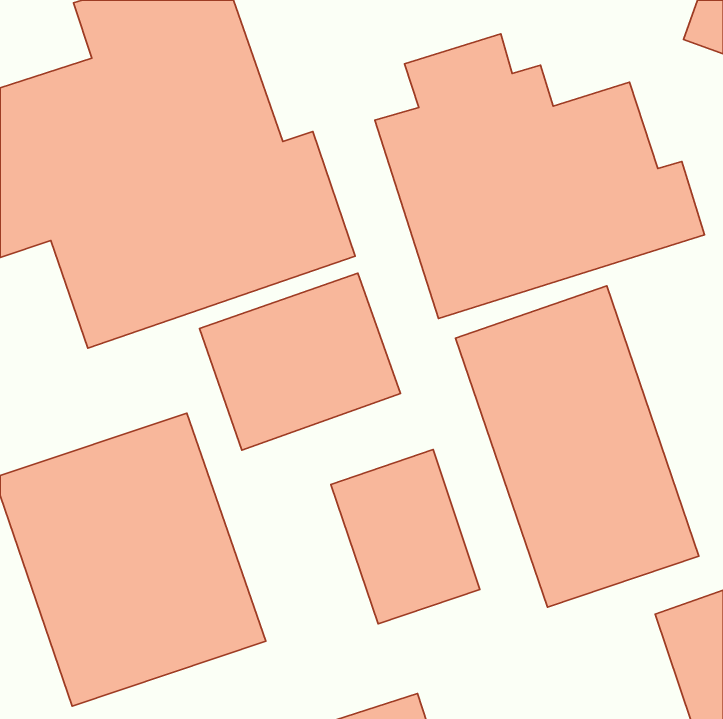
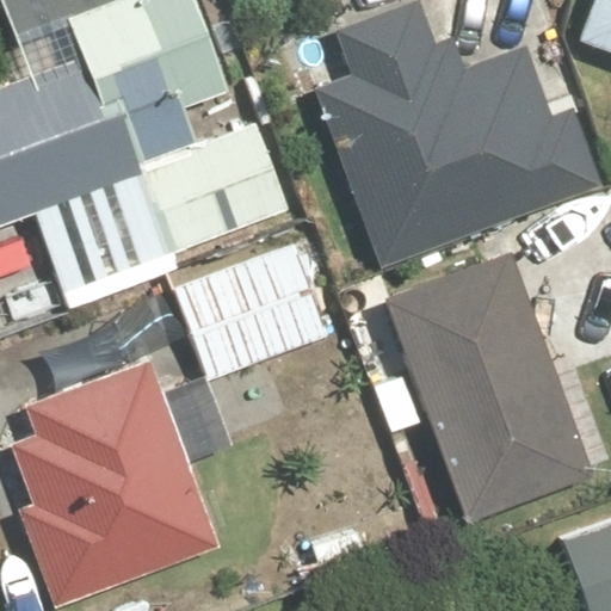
building: [331,450,480,624] -> none

